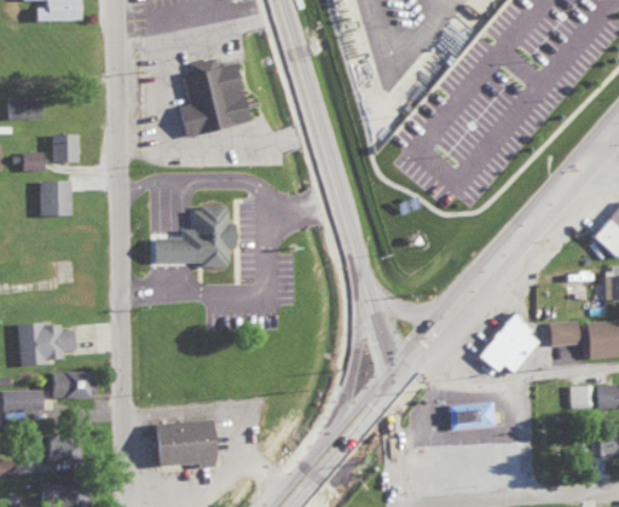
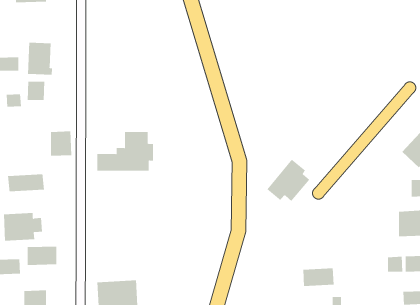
building: [179,57,248,133] -> none
building: none -> [27,42,53,76]
building: [40,179,71,215] -> [50,131,72,156]
building: none -> [8,173,44,192]
building: [476,311,539,373] -> [266,159,310,202]
building: [550,321,579,345] -> none

